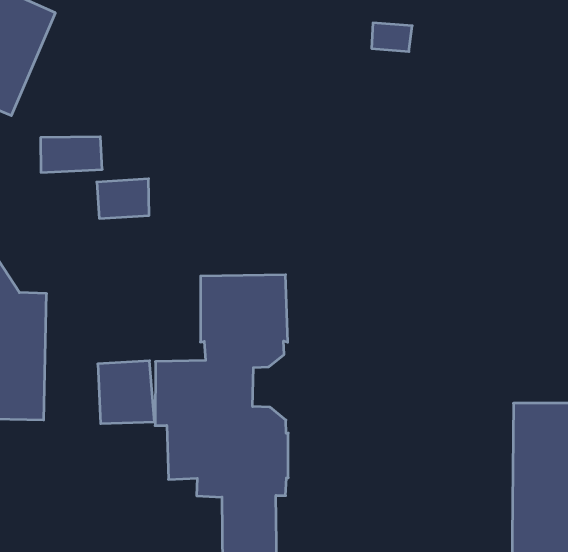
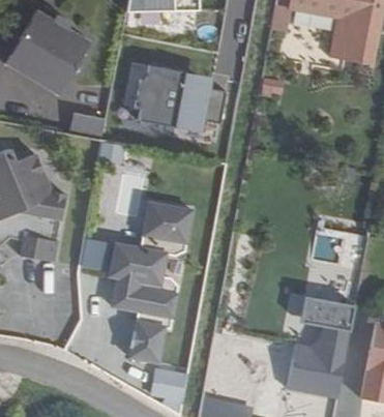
building: none -> [134,64,226,131]

